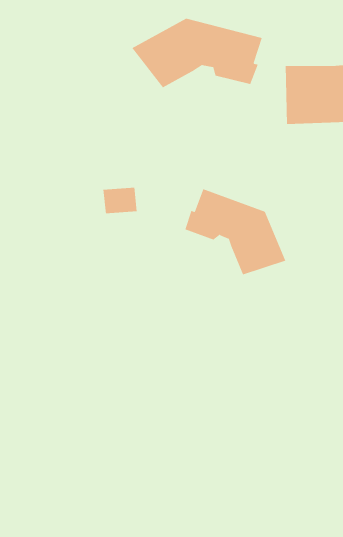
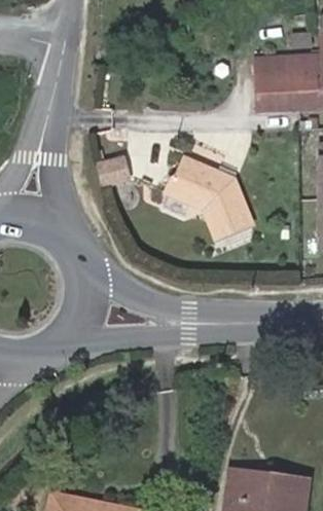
building: [132,18,262,88] -> none

